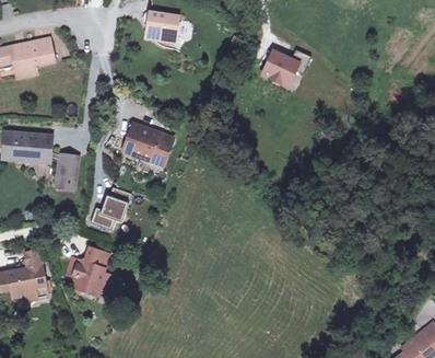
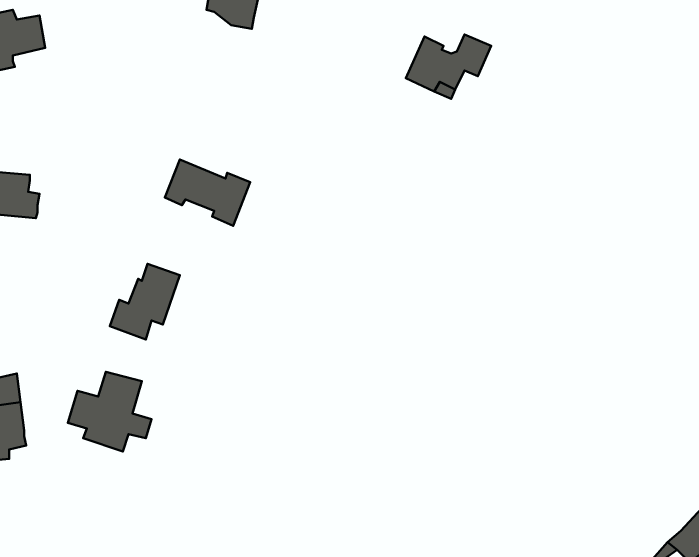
building: [57,152,75,186] -> none

